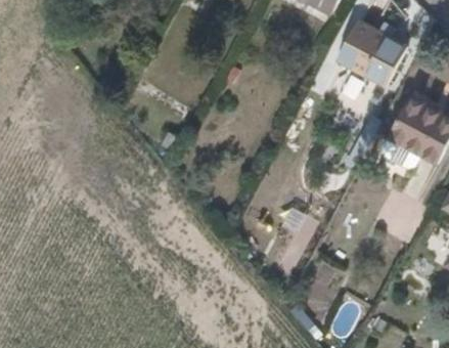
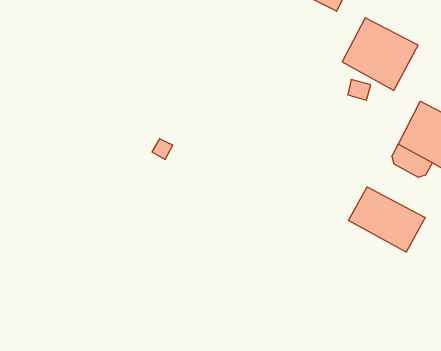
building: none -> [348,187,425,252]

